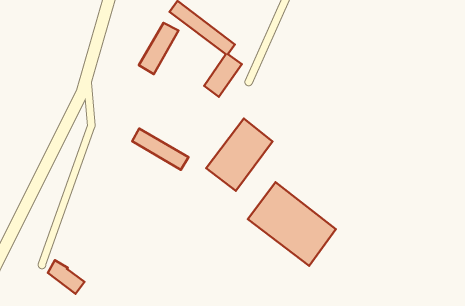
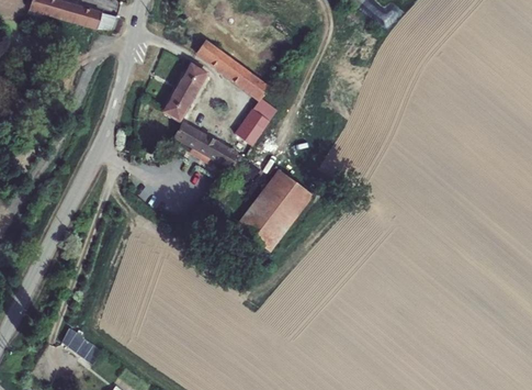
building: [132,128,189,170] -> [176,122,238,168]
building: [248,182,336,266] -> none

